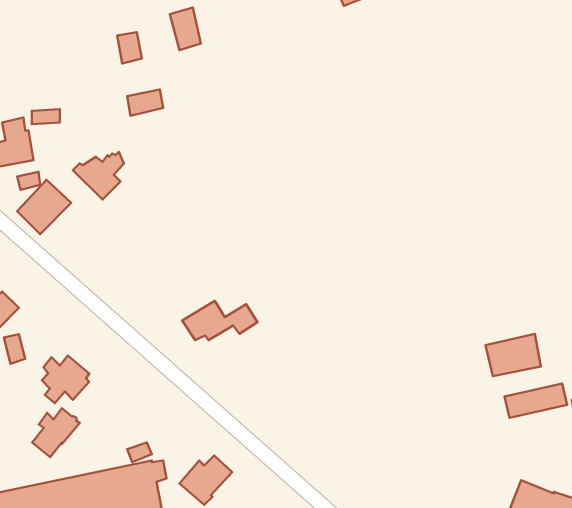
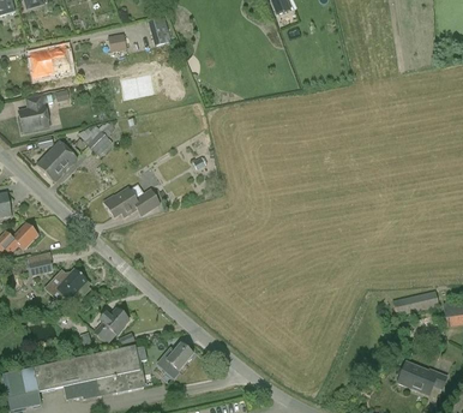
building: none -> [31,46,71,77]
building: [182,301,258,340] -> [104,187,160,216]
building: [486,334,541,376] -> none
building: [32,408,80,457] -> [95,307,130,343]

